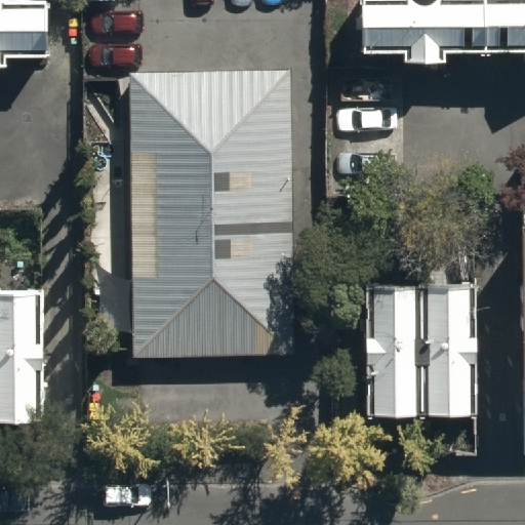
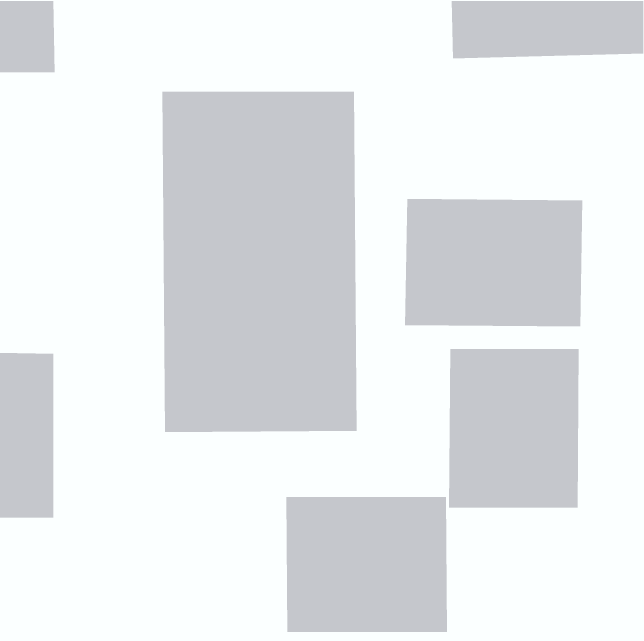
building: none -> [404,198,583,327]
building: none -> [286,496,448,633]

